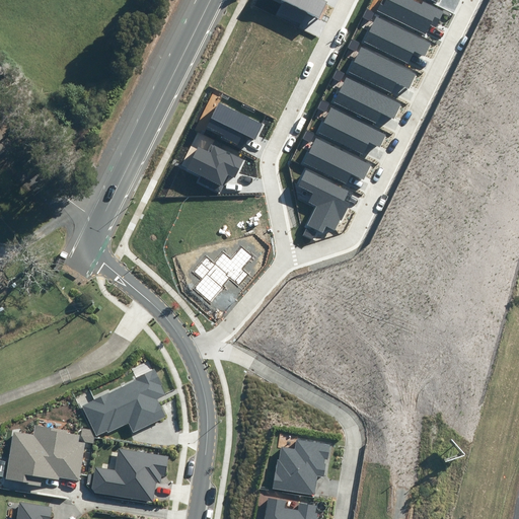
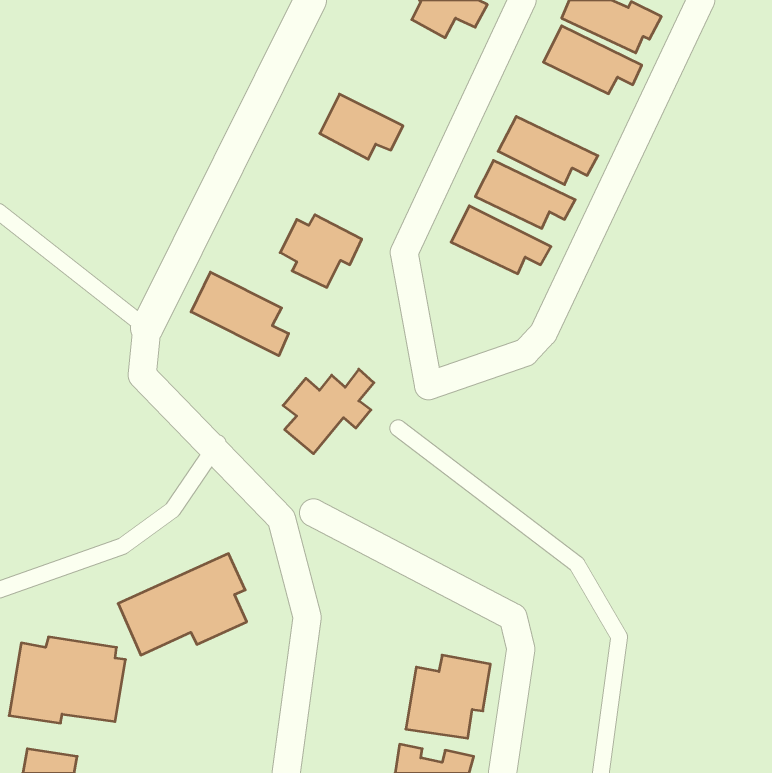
building: [348,47,414,92] -> none
building: [207,102,263,146] -> [320,94,403,159]
building: [299,171,350,233] -> none
building: none -> [191,272,289,356]
building: [91,449,168,502] -> none

